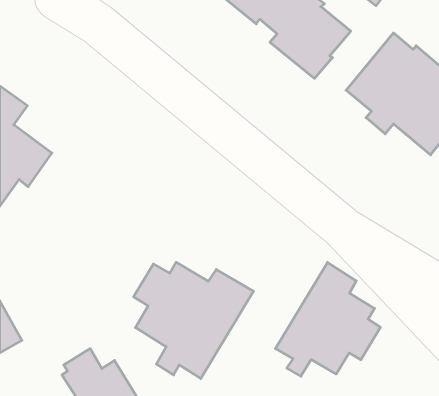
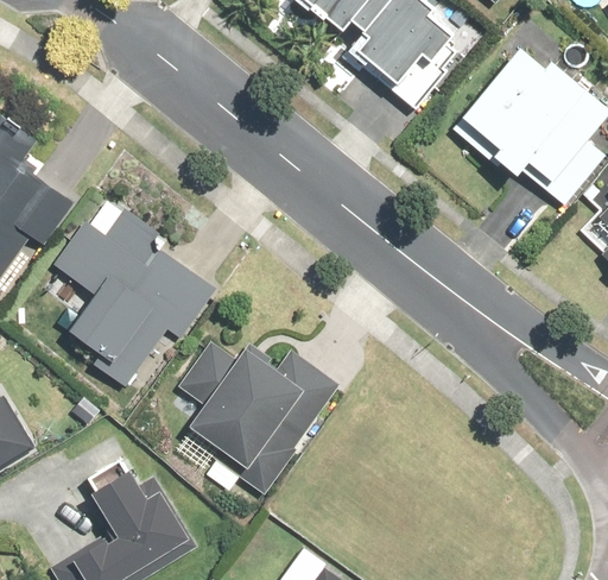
building: none -> [52,198,214,385]
building: [275,262,380,376] -> none

